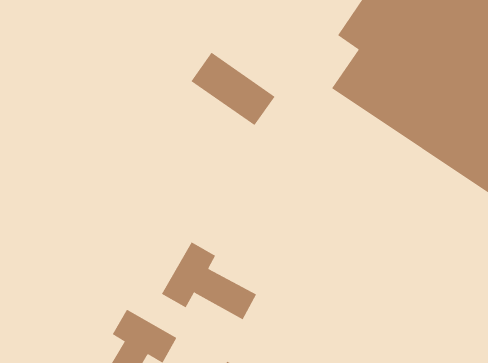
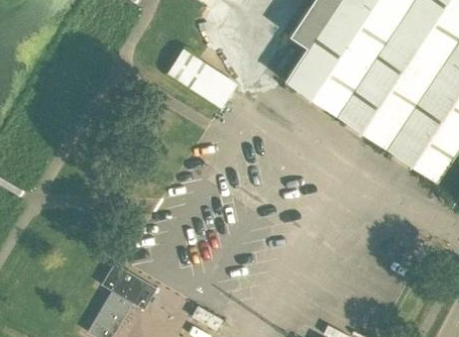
building: [161,241,257,320] -> none

